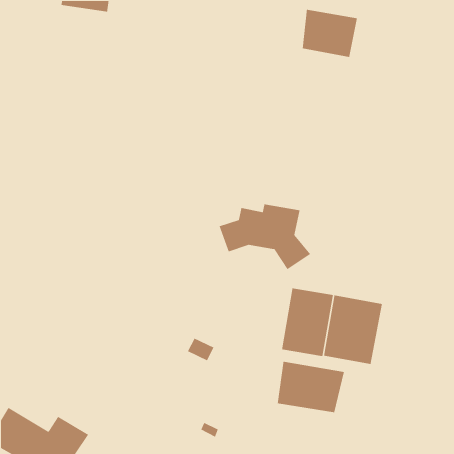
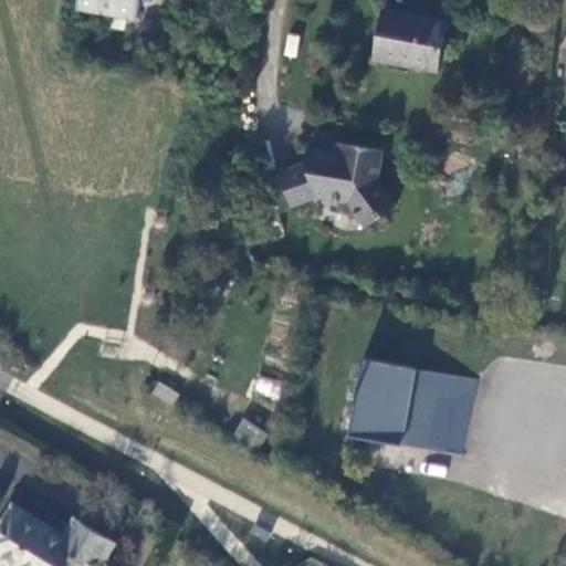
building: [219,204,311,270] -> [277,143,392,226]
building: [277,361,345,413] -> none

